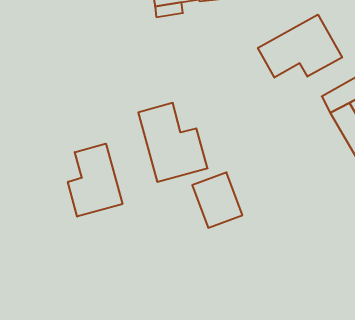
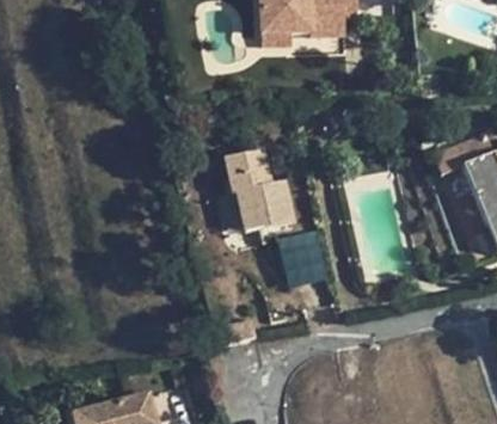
building: [258,15,342,78] -> none
building: [68,144,122,217] -> none

